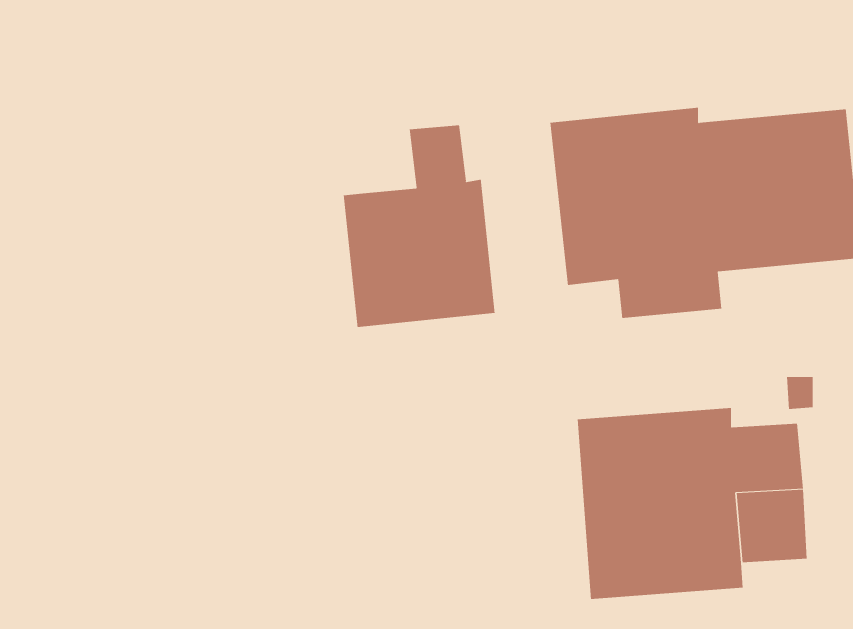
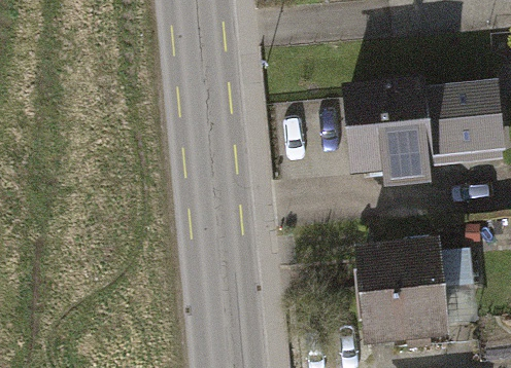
building: [343,124,495,328] -> none

